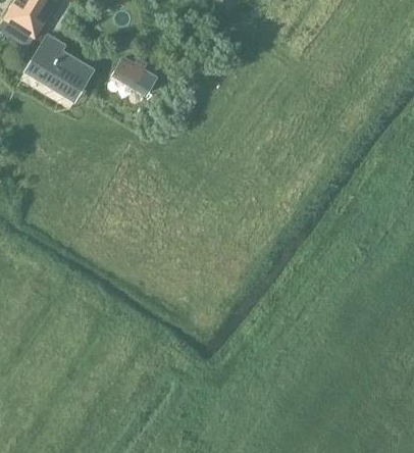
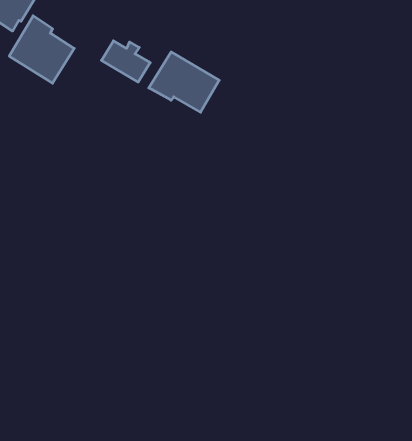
building: none -> [149,52,219,112]

